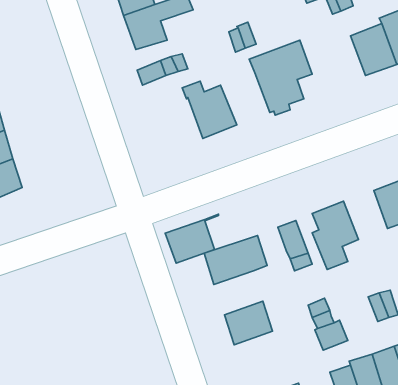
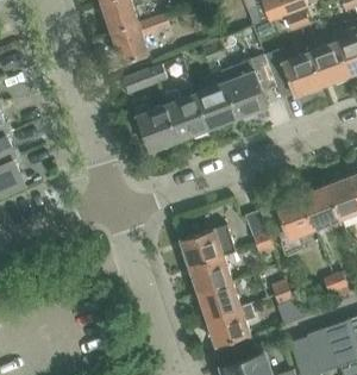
building: none -> [264,50,321,95]
building: none -> [195,82,238,127]
building: none -> [133,104,180,150]
building: none -> [302,185,340,227]
building: [165,214,219,263] -> [189,250,236,293]
building: none -> [207,304,256,345]

